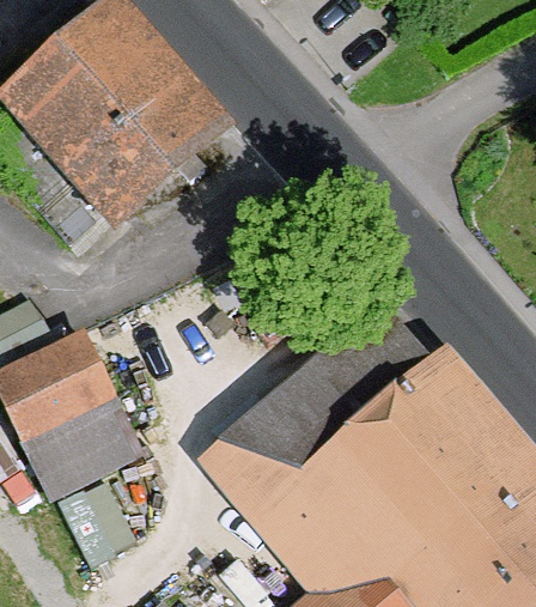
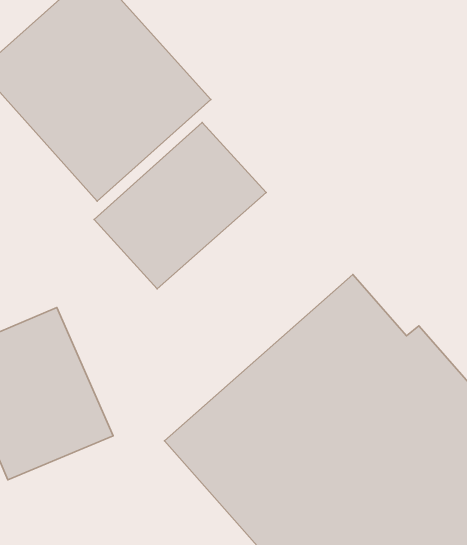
building: none -> [94,122,266,289]

